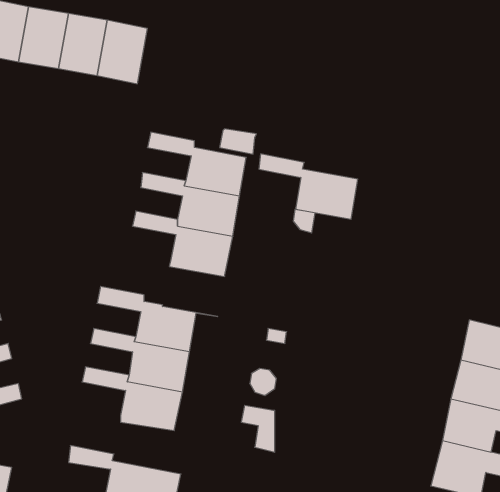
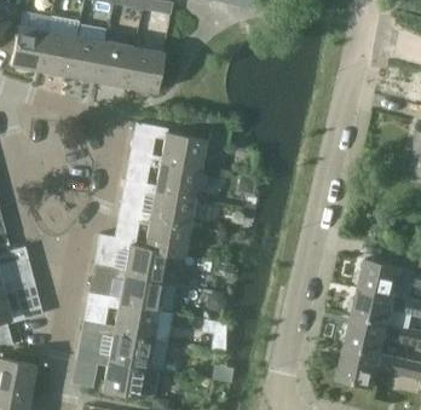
building: none -> [126,47,163,92]
building: [259,154,358,219] -> [117,208,189,255]
building: none -> [81,321,166,369]

